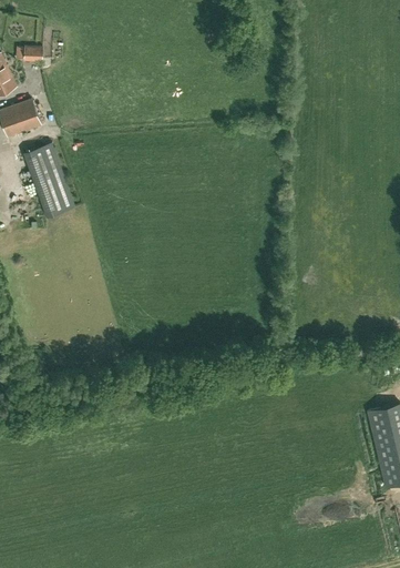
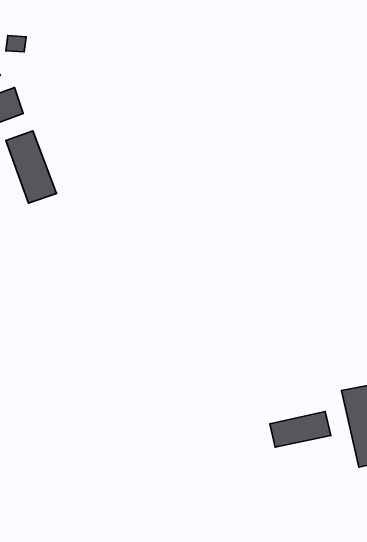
building: none -> [270,411,331,447]

